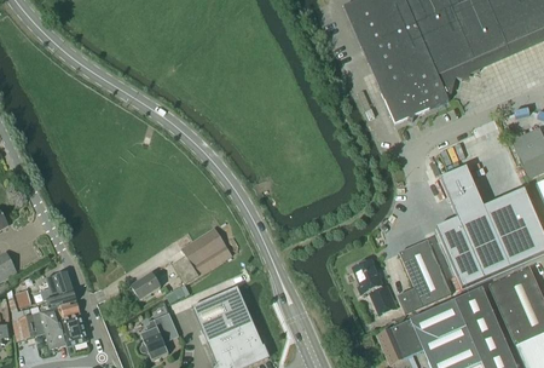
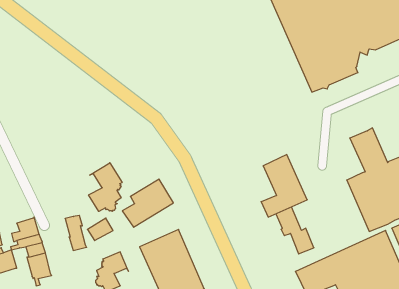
building: none -> [89,163,122,211]
building: [398,240,452,314] -> [261,155,307,217]
building: [41,306,66,347] -> [65,215,87,250]

